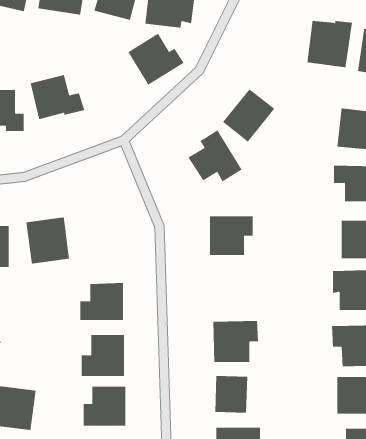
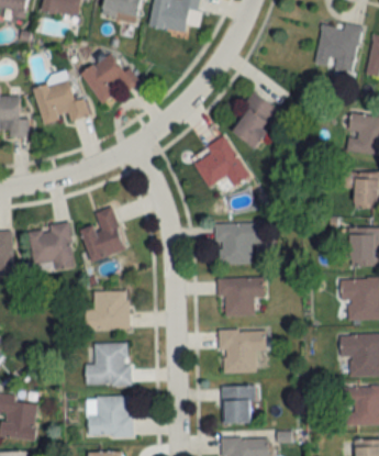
building: [127,33,185,86] -> [80,51,138,104]
building: none -> [80,205,124,259]
building: none -> [216,277,264,315]

